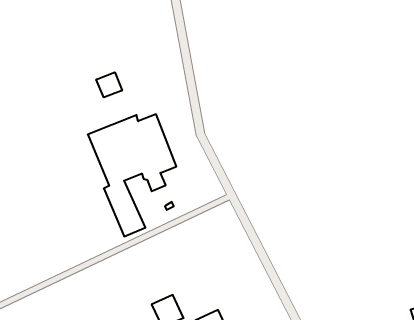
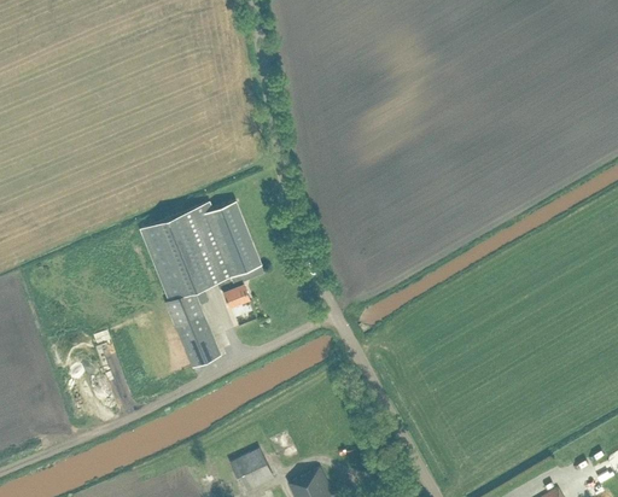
building: [96,72,122,97] -> none

